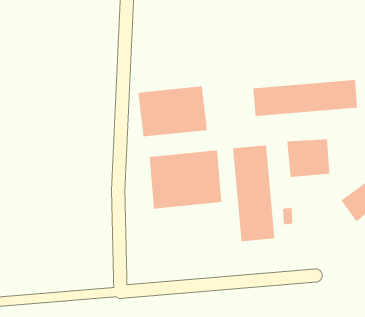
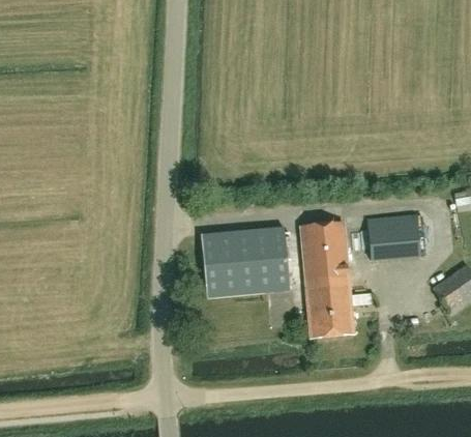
building: [253,79,358,117] -> none
building: [138,86,208,137] -> none

